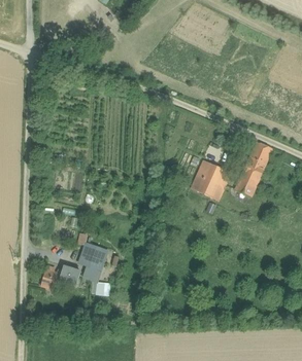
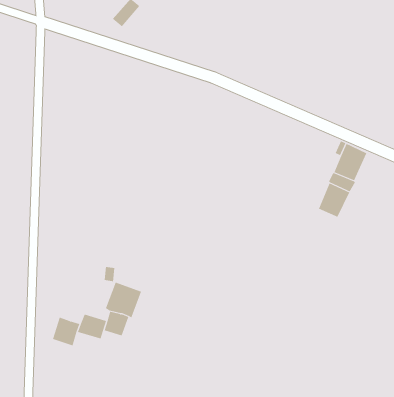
building: [190,159,230,200] -> none

